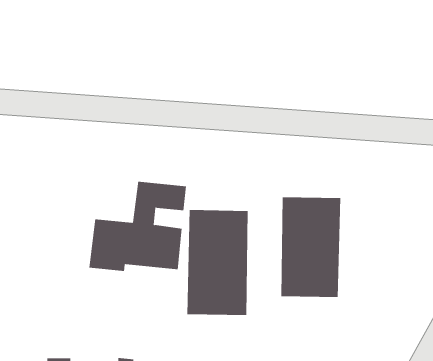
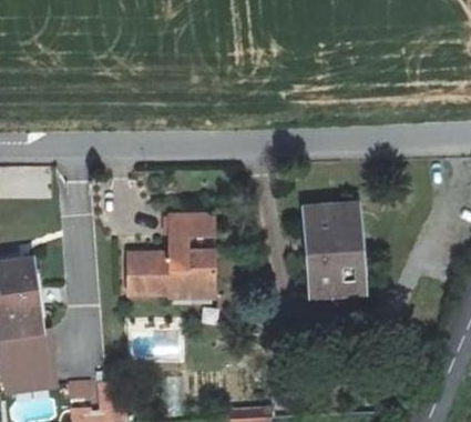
building: [187,209,248,316] -> none

